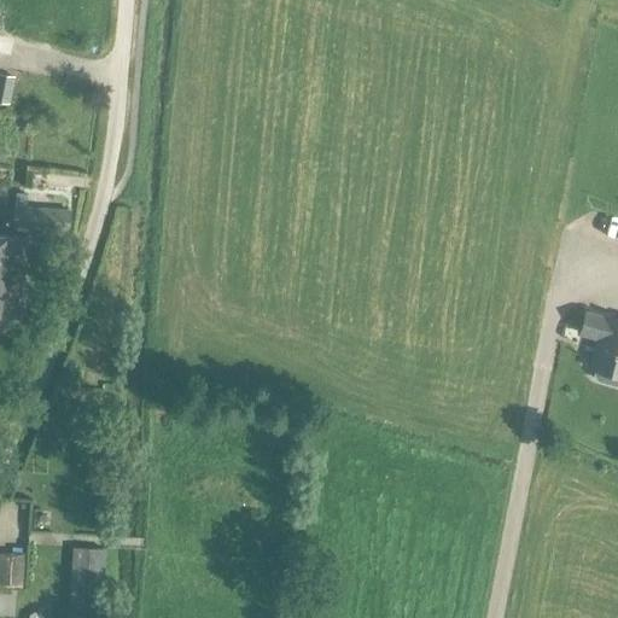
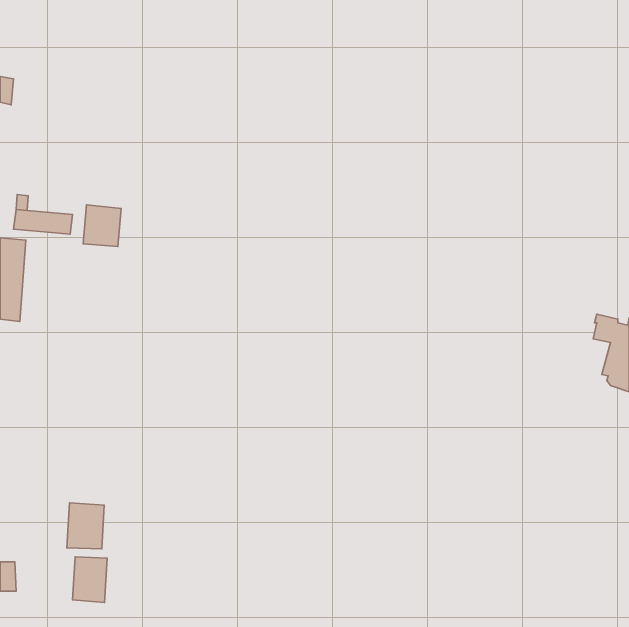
building: none -> [83,205,121,246]
building: none -> [67,503,104,549]

